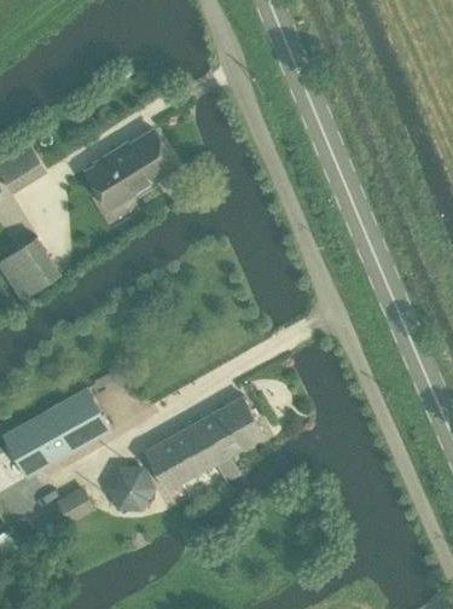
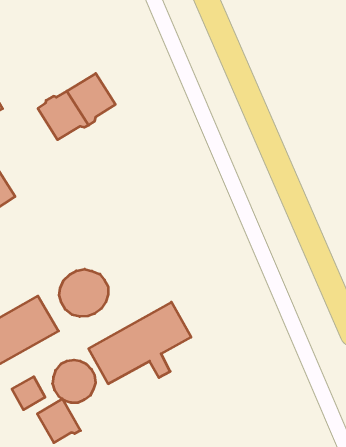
building: none -> [59,269,108,317]
building: none -> [37,399,81,443]

